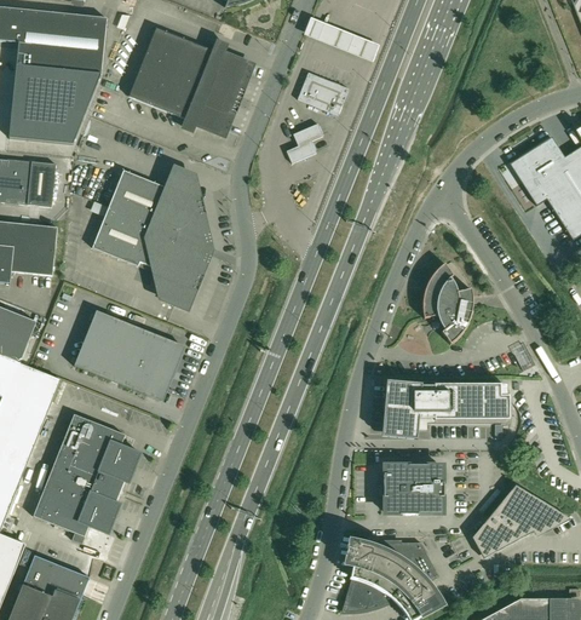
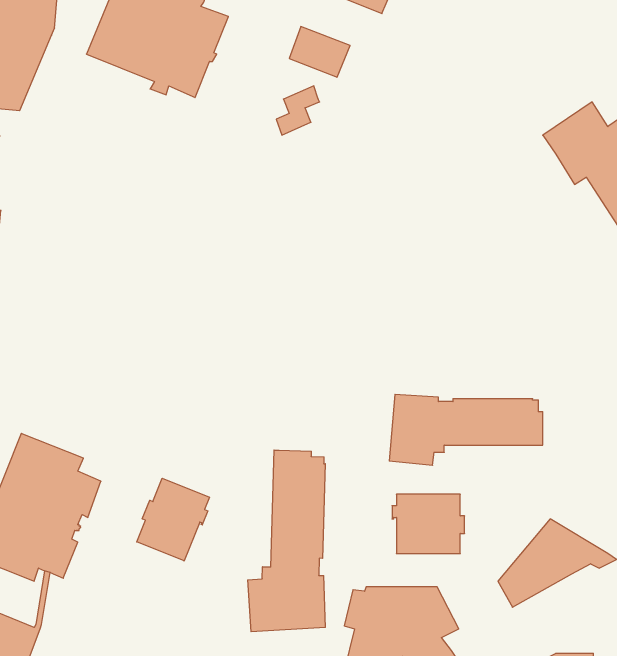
building: [92,170,205,305] -> none
building: [422,263,472,344] -> none
building: [74,310,179,398] -> none
building: none -> [248,450,325,632]
building: none -> [137,478,210,561]

